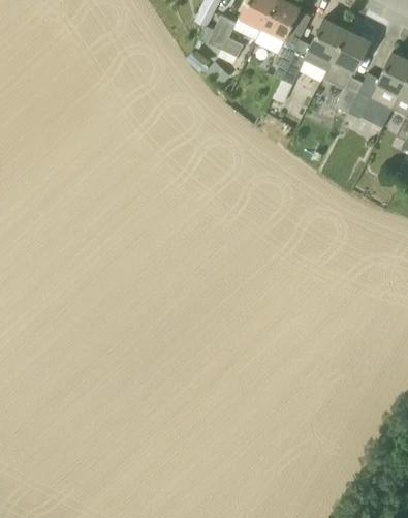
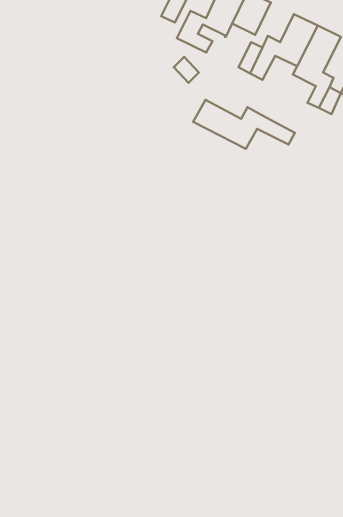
building: none -> [193,100,295,149]

